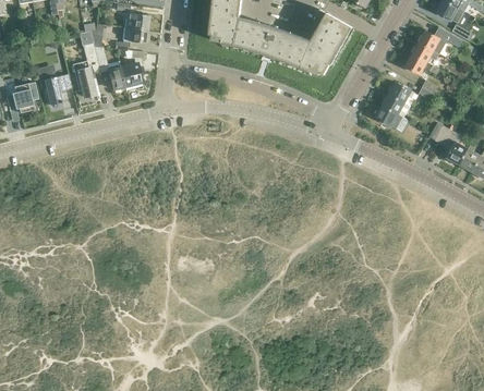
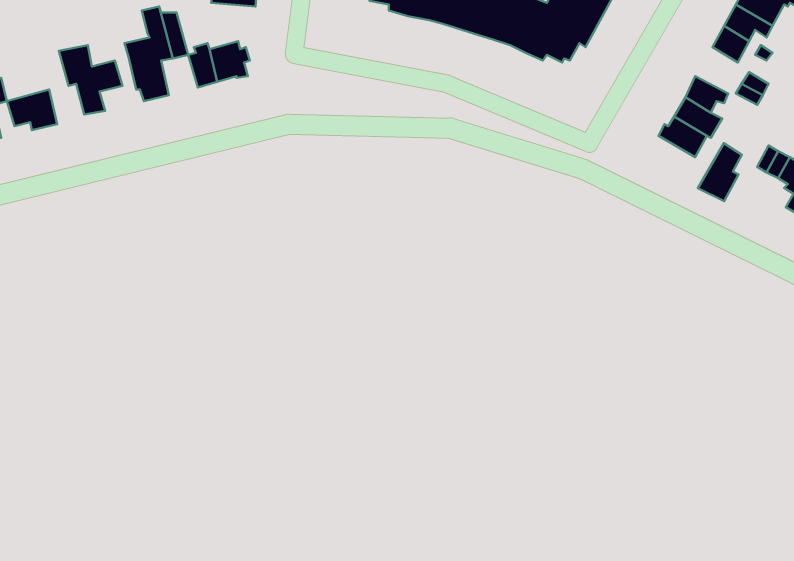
building: none -> [698,143,742,201]

